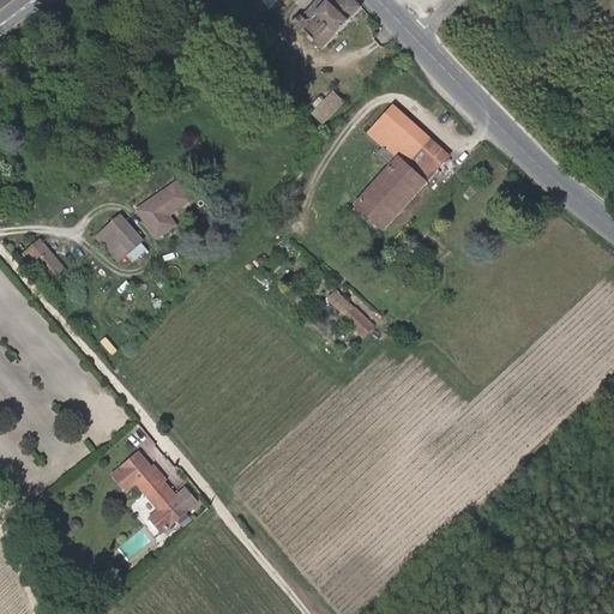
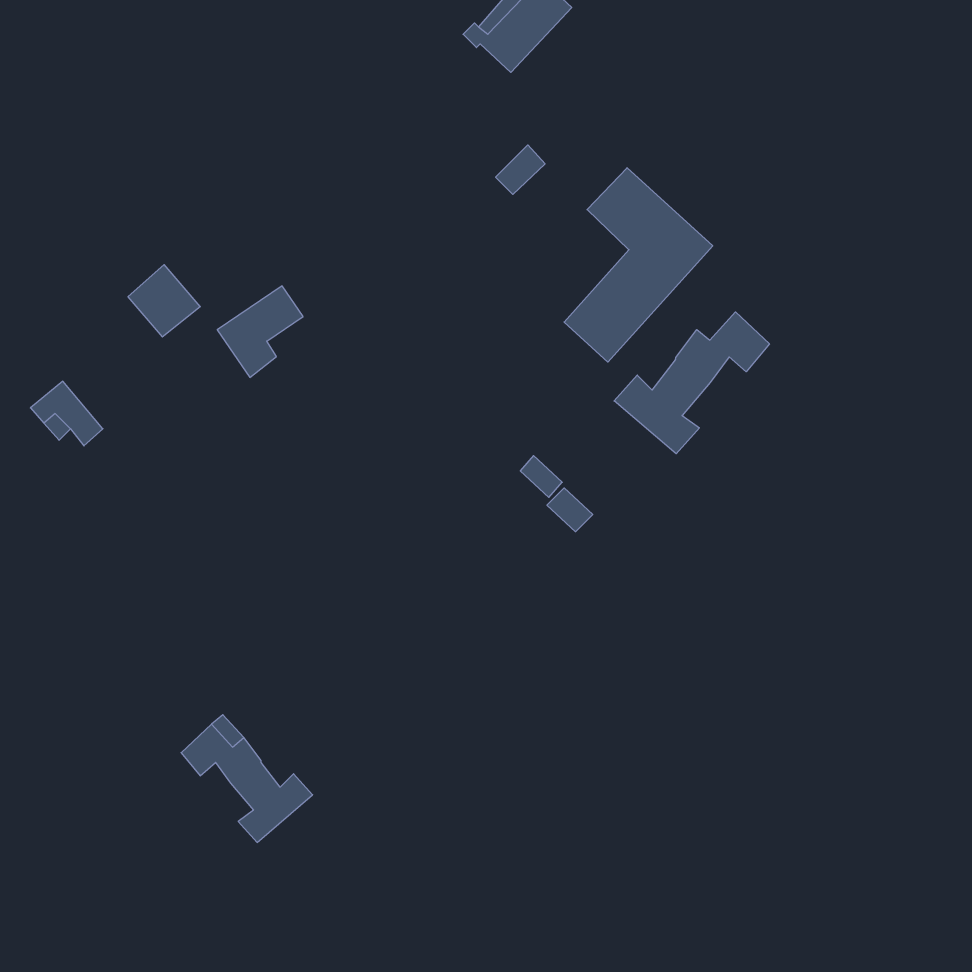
building: none -> [614,312,769,454]
building: [96,215,142,260] -> [128,265,200,337]

